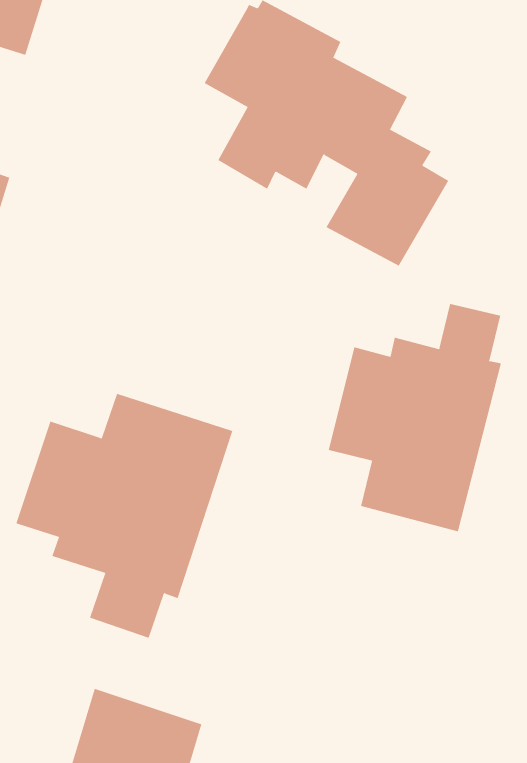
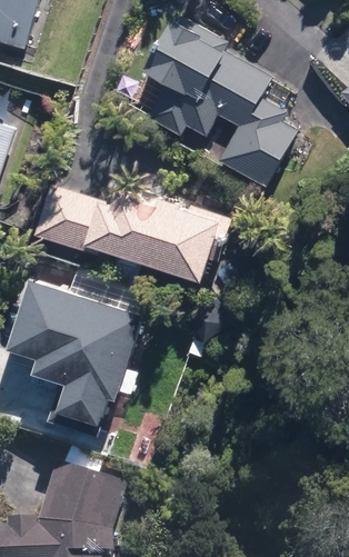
building: none -> [31,183,229,279]
building: [328,303,502,532] -> none

